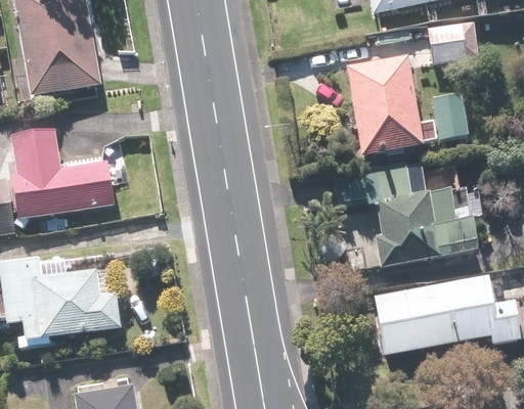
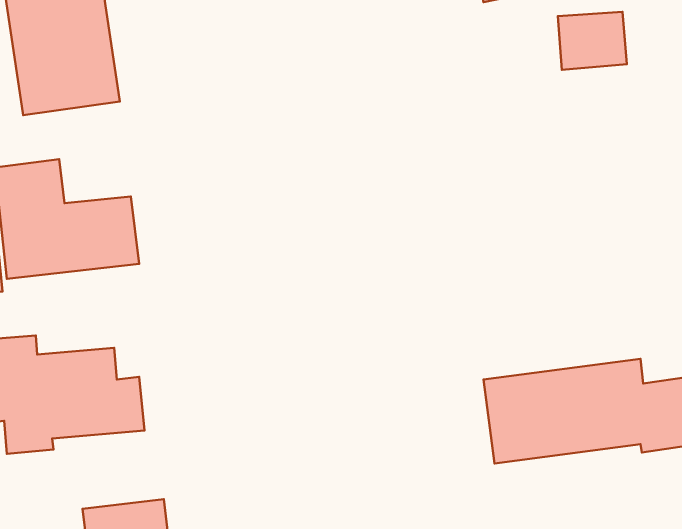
building: [345,54,468,156] -> none
building: [334,151,478,267] -> none

